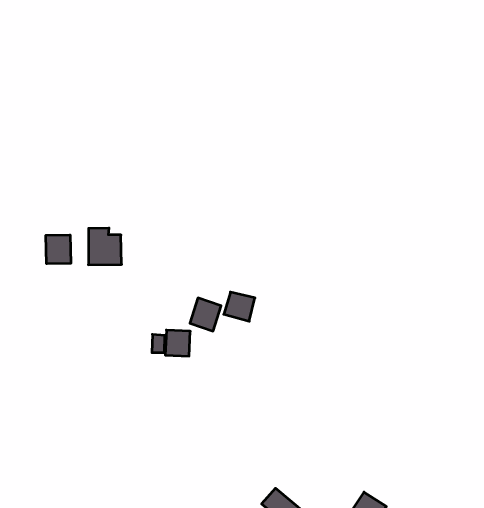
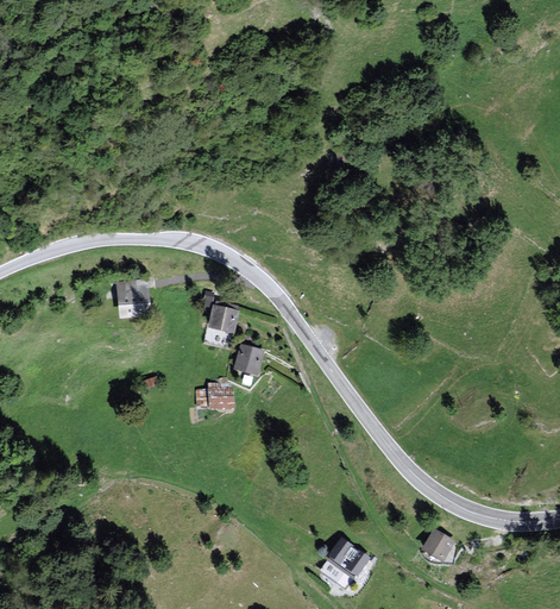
building: [46,235,71,264] -> none
building: [224,292,255,321] -> [207,306,238,334]

